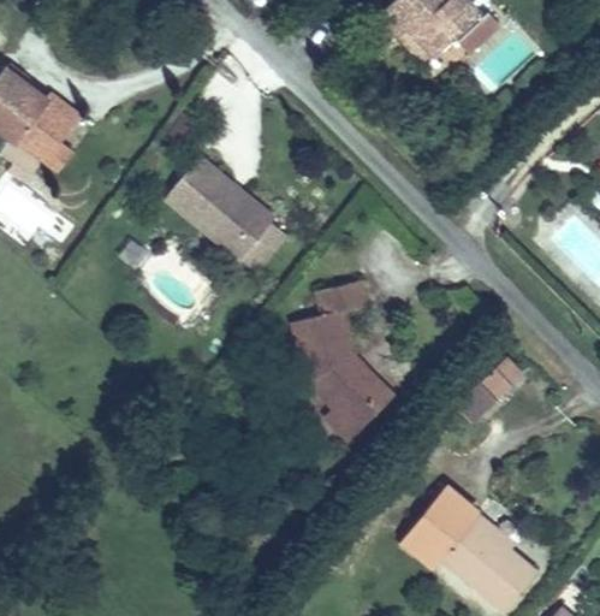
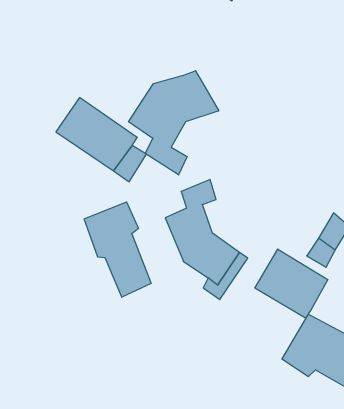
building: none -> [129,71,219,175]
building: none -> [84,202,151,297]
building: none -> [255,249,328,318]

